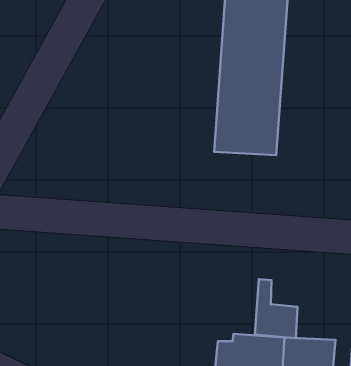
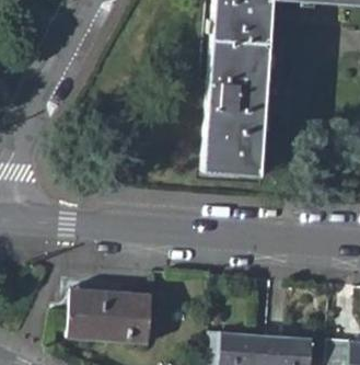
building: [255,279,297,338] -> none
building: none -> [66,289,153,346]

